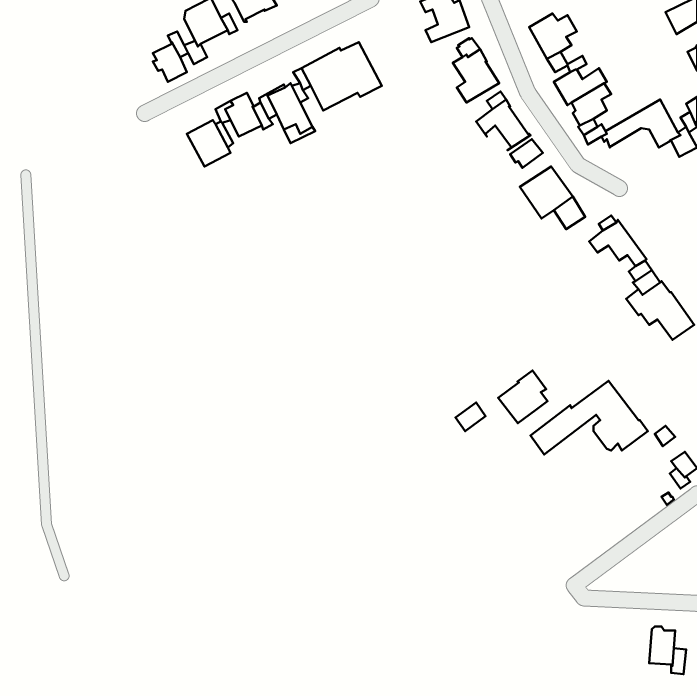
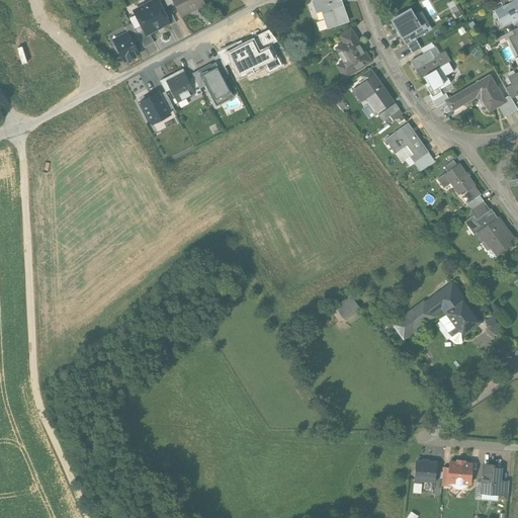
building: [498,371,548,423] -> none
building: none -> [414,460,435,483]
building: none -> [448,460,471,485]

